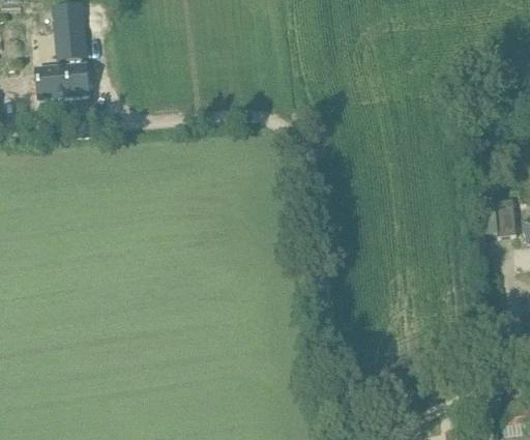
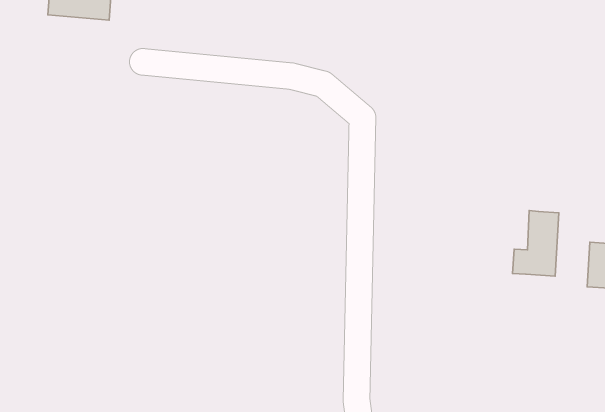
building: none -> [512,211,559,276]

